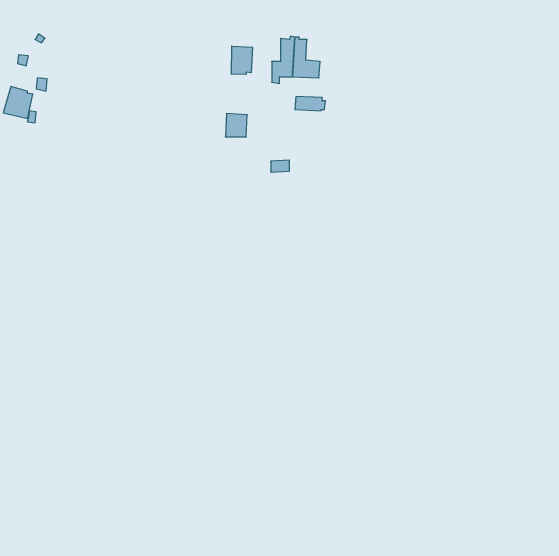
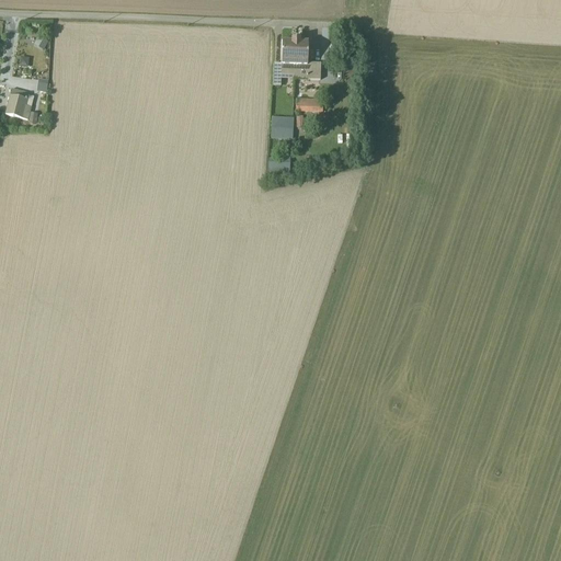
building: [232,46,253,74] -> none
building: [225,114,247,137] -> [271,115,293,138]

